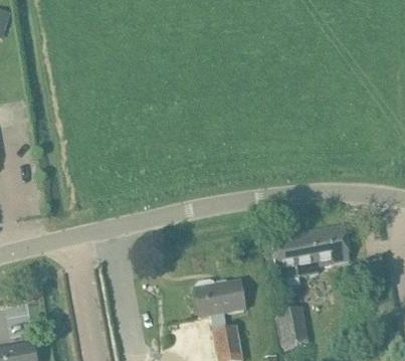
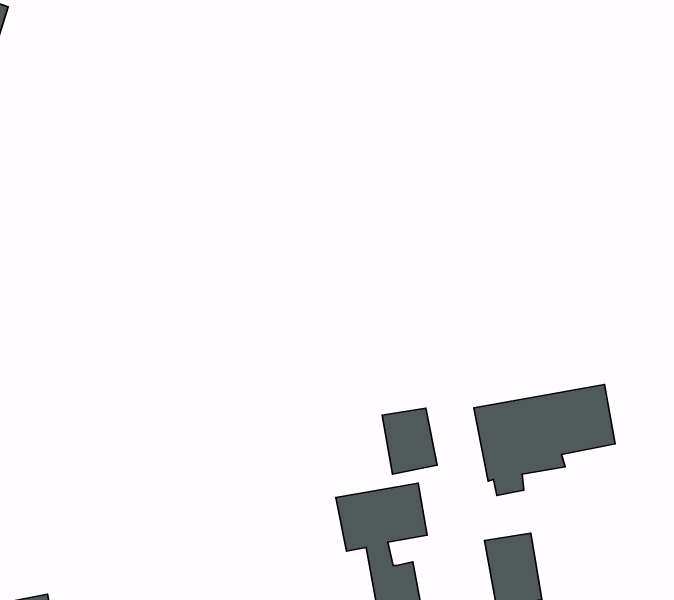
building: none -> [382,408,437,474]

